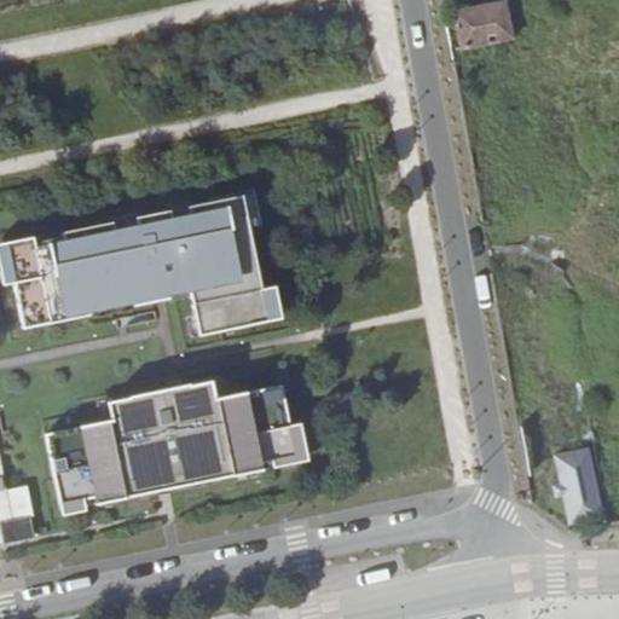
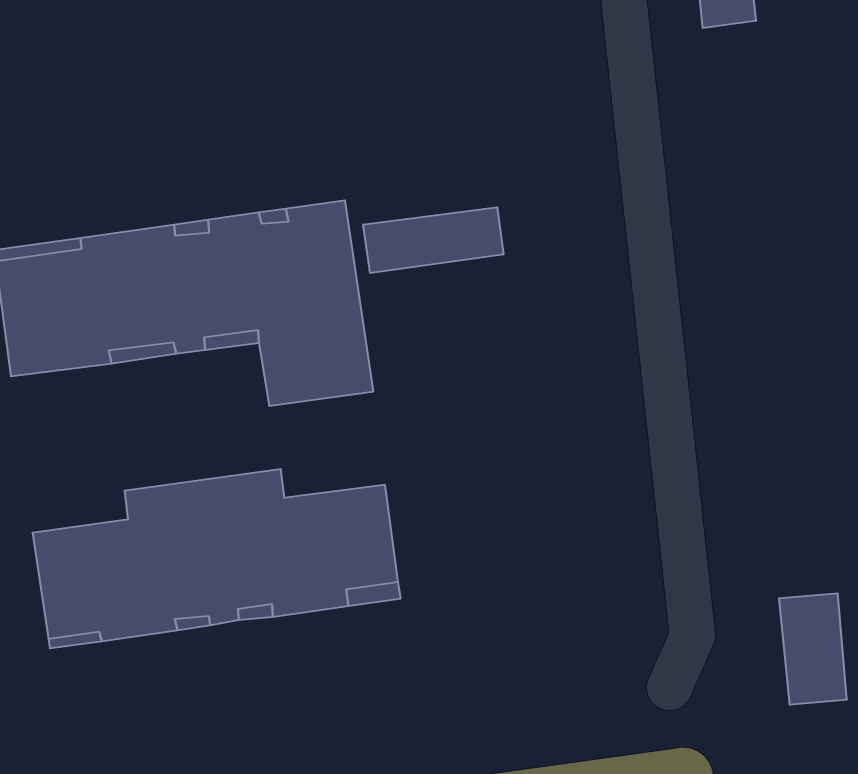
building: none -> [363,207,504,273]

